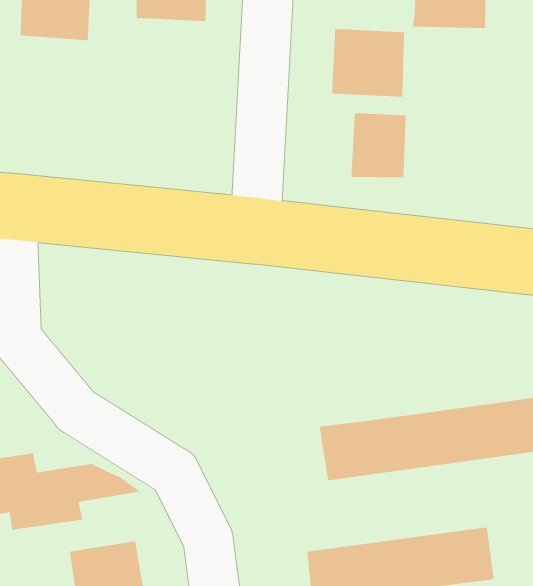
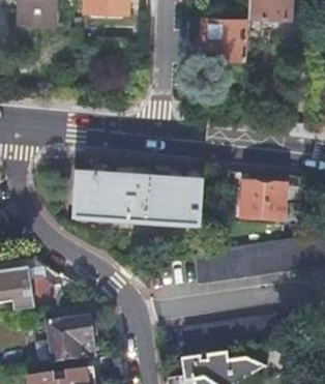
building: [351,112,406,178] -> none
building: none -> [77,161,202,226]
building: none -> [238,183,282,221]

